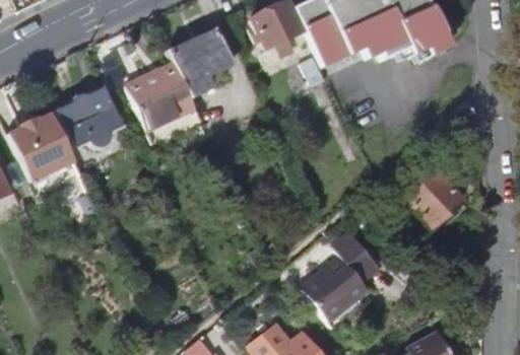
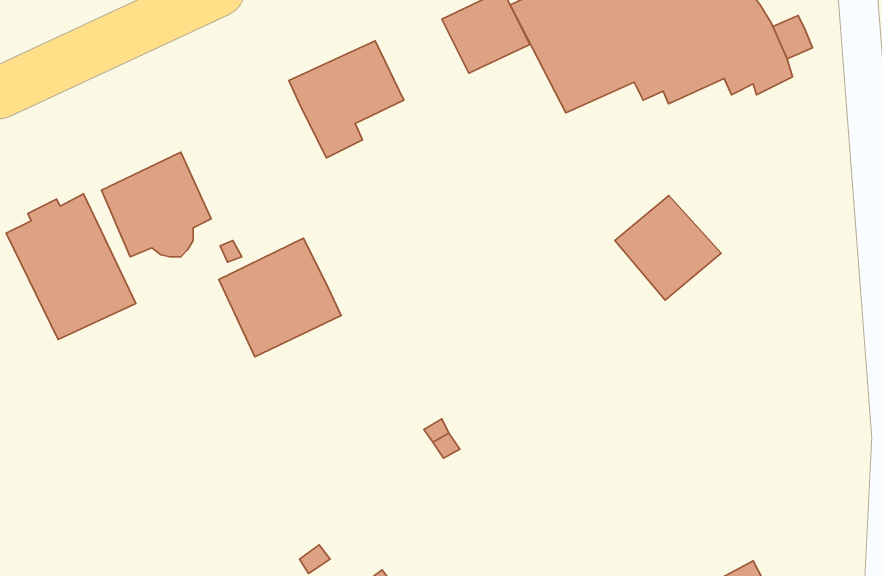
building: [128,65,197,132] -> [219,238,341,357]
building: [404,166,464,225] -> [615,196,721,300]
building: [303,232,379,318] -> none

